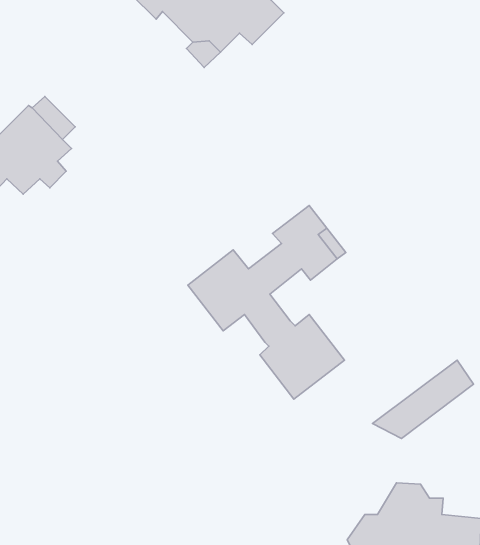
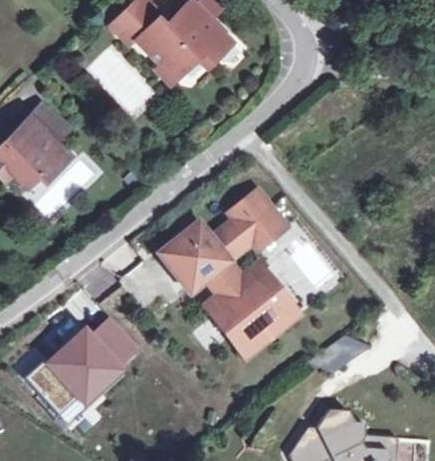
building: none -> [207,267,296,355]
building: none -> [23,318,138,415]

